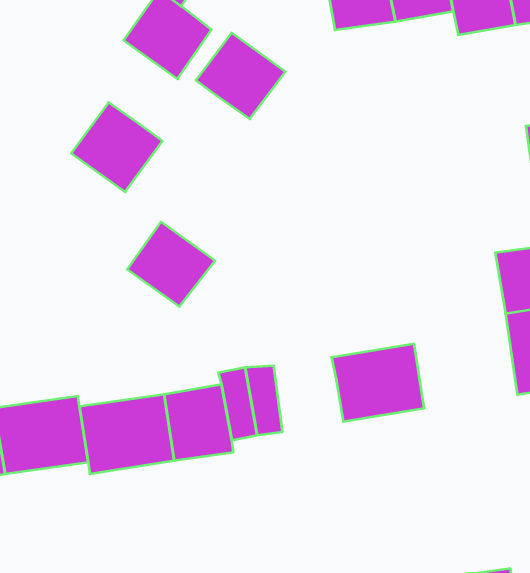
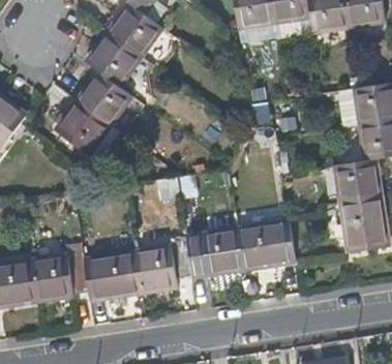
building: [196,33,285,119] -> [85,34,140,87]
building: [127,222,215,306] -> [54,103,108,155]
building: none -> [199,229,241,274]

